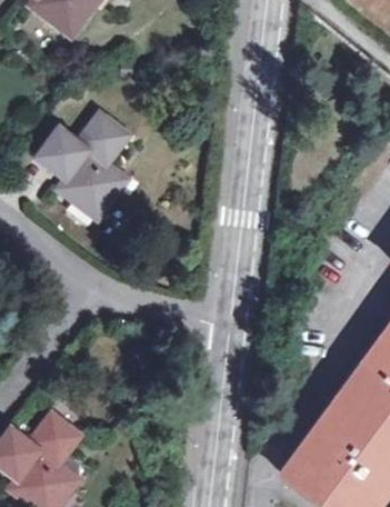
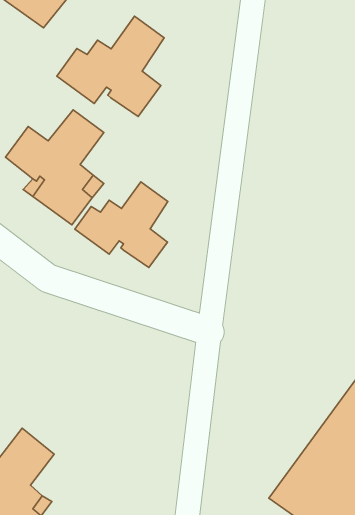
building: none -> [57,16,164,116]
building: none -> [75,182,168,267]

